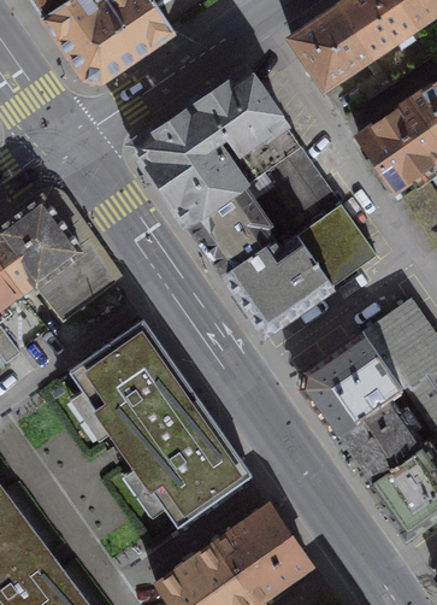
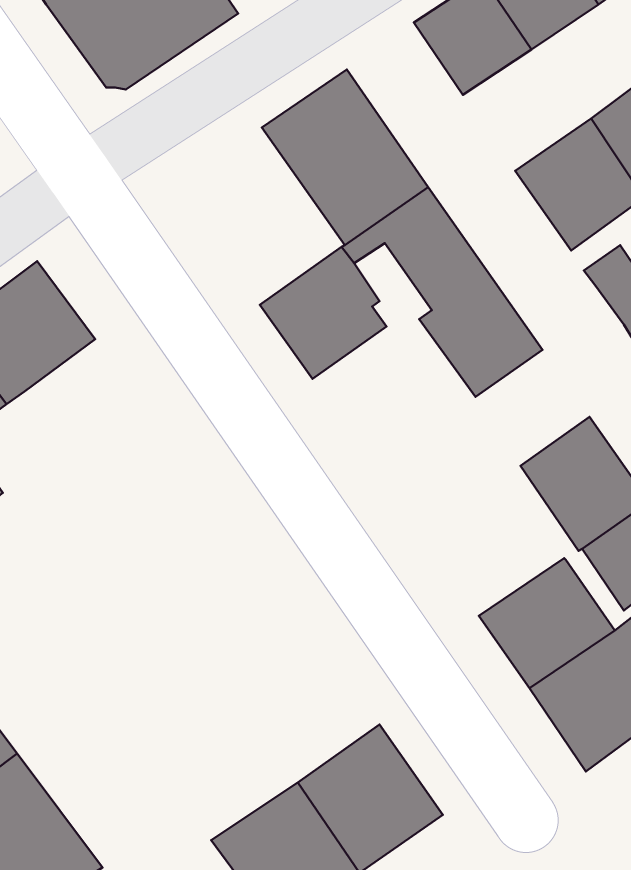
building: [138,106,246,224] -> none
building: [224,234,332,333] -> none
building: [33,242,117,321] -> none
building: [70,319,252,525] -> none
building: [302,331,401,431] -> none

